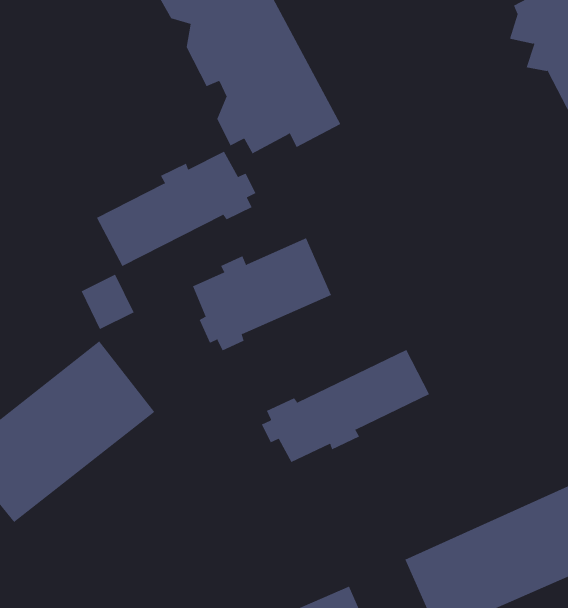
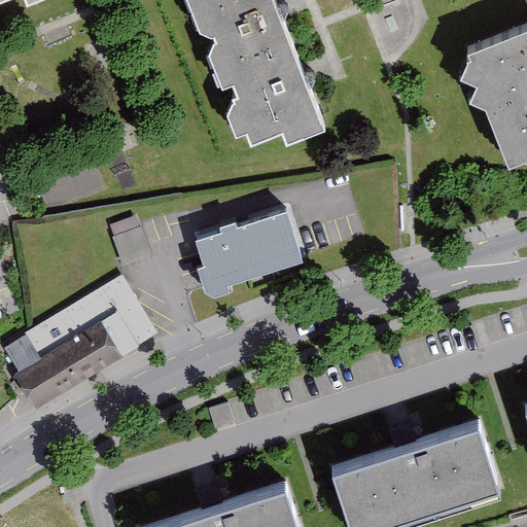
building: [96,151,256,267] -> none
building: [261,349,430,463] -> none

